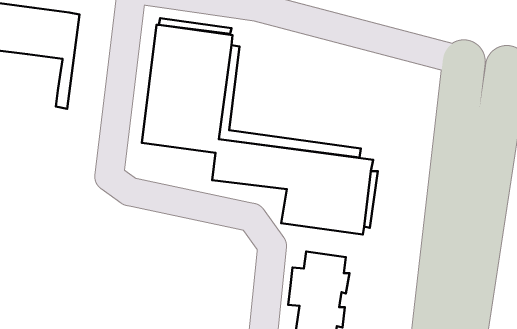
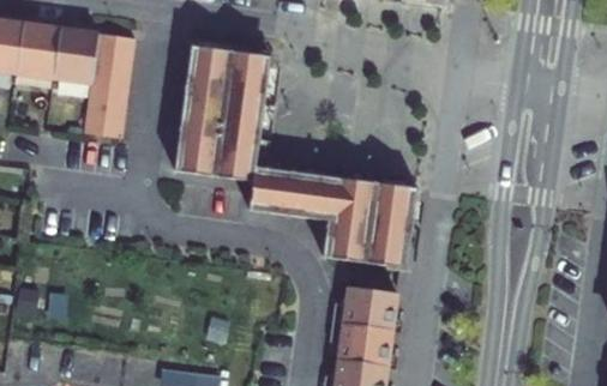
building: none -> [96,38,134,140]

